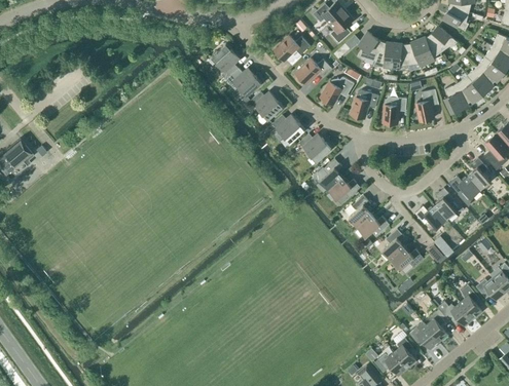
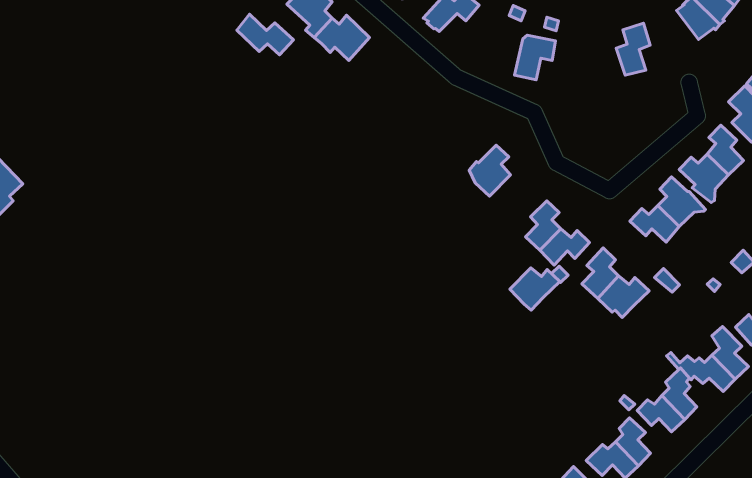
building: none -> [237,14,294,55]
building: [321,77,354,105] -> none
building: [444,83,469,114] -> none
building: [250,91,283,120] -> none
building: [384,98,407,124] -> none
building: [272,115,304,144] -> none
building: [299,133,331,162] -> none
building: [328,178,360,204] -> [510,268,560,310]

